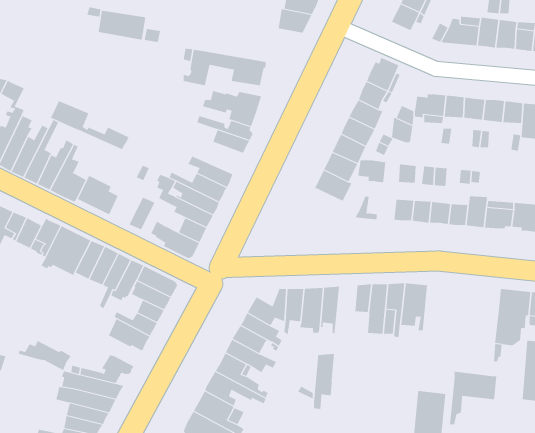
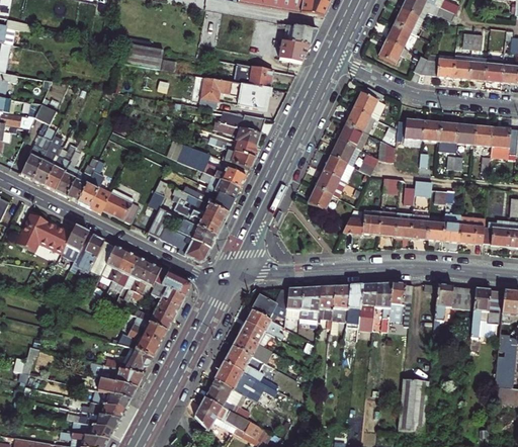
building: none -> [233,64,272,89]
building: [50,101,129,150] -> [175,145,245,188]
building: [358,160,386,183] -> [357,208,382,229]
building: [18,340,72,371] -> [111,331,159,358]
building: [313,354,335,410] -> [329,286,348,336]
building: [449,371,497,425] -> [432,285,474,333]

